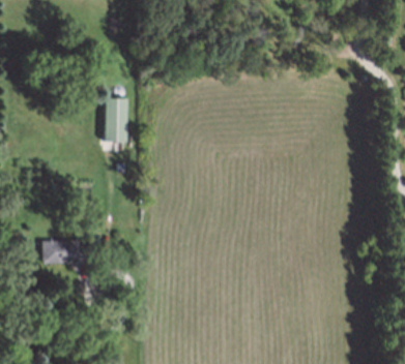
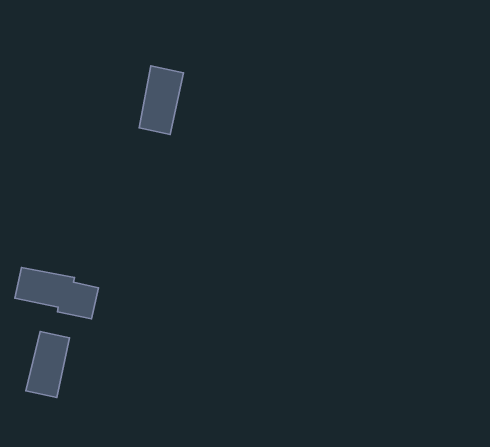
building: none -> [26,332,69,398]

